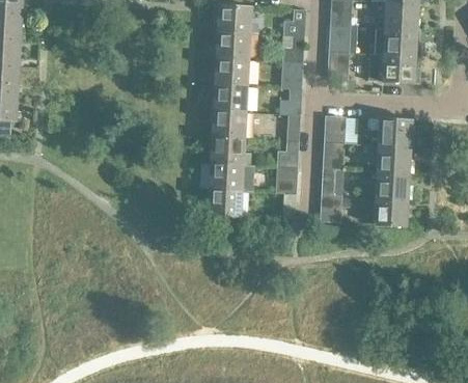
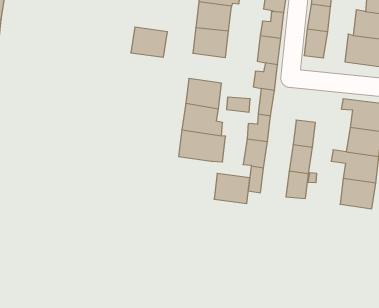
building: [213,84,248,112] -> [131,27,167,57]
building: [324,115,345,144] -> none
building: [208,189,242,217] -> [214,173,250,204]

